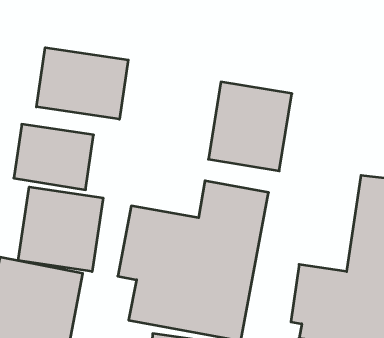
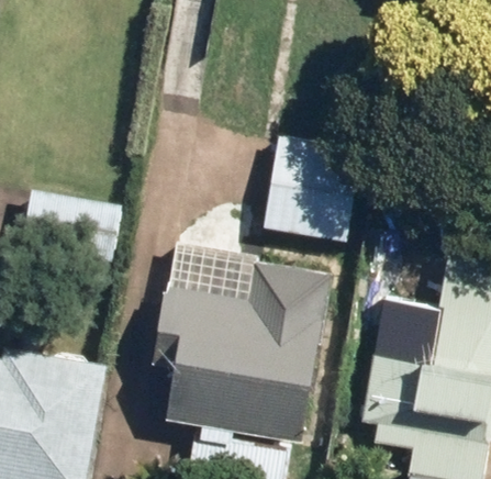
building: [36,48,128,119] -> none
building: [18,187,103,272] -> none

